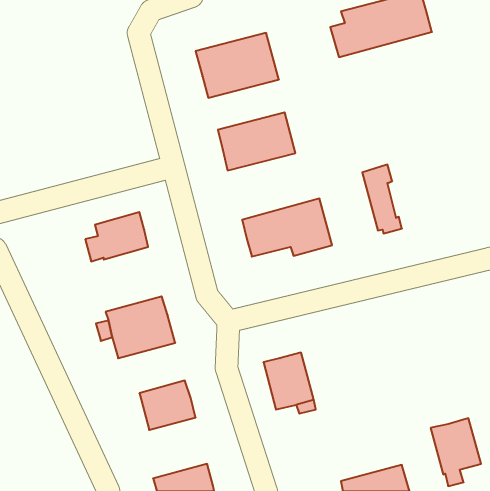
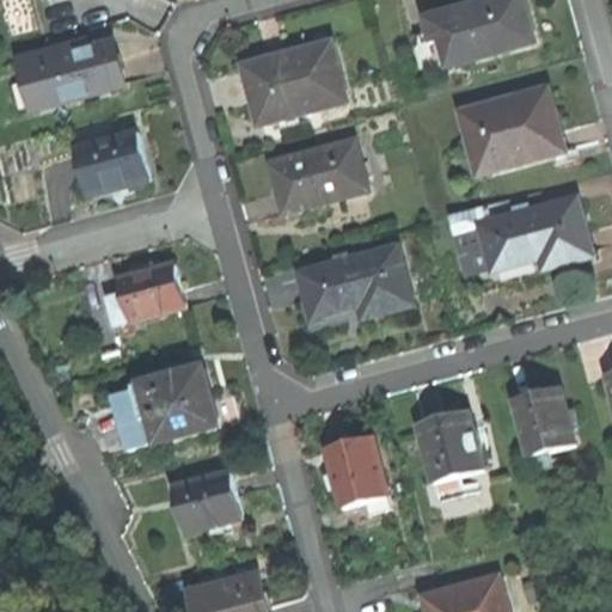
building: none -> [18,41,122,108]
building: none -> [459,87,563,172]
building: none -> [74,130,148,194]
building: none -> [478,200,590,270]
building: none -> [417,409,483,497]
building: [431,418,481,486] -> [512,385,574,469]

